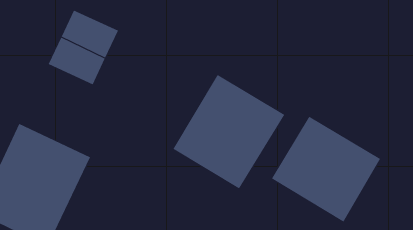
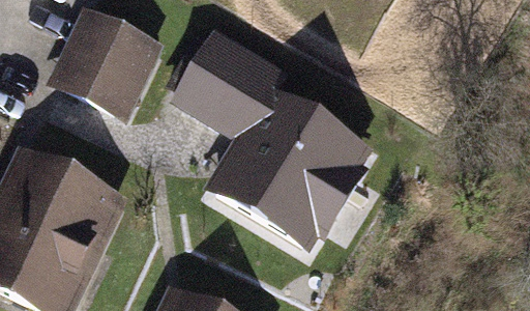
building: none -> [179,38,274,133]
building: [271,116,381,222] -> none

